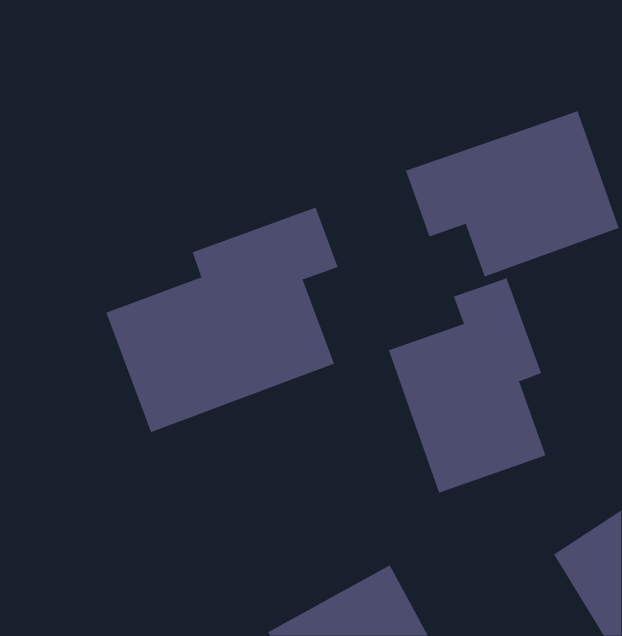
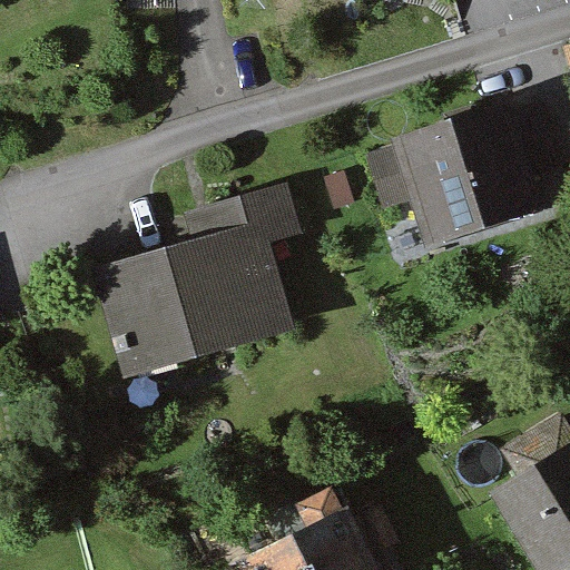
building: [388,277,546,493] -> none

